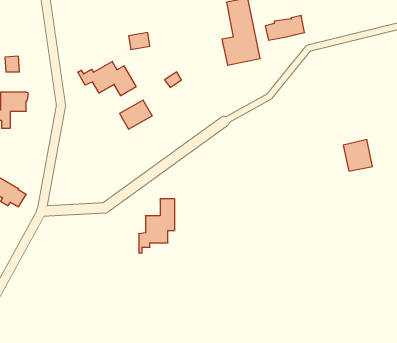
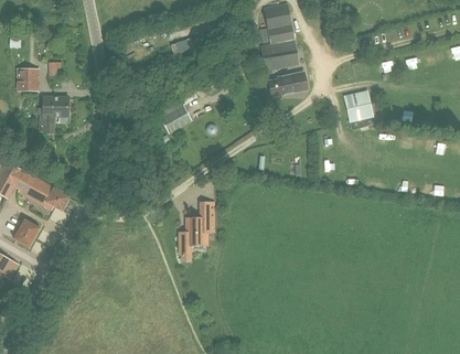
building: [265,16,305,40] -> [268,72,307,96]
building: [78,61,136,96] -> none
building: [343,140,372,171] -> [344,90,373,121]

